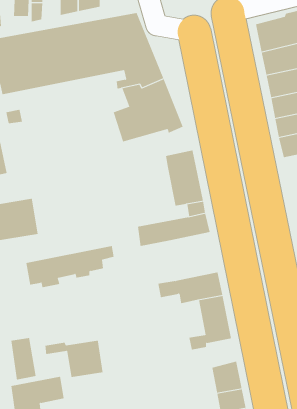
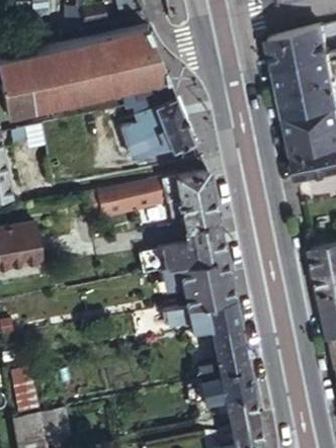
building: none -> [179,256,231,306]
building: [26,245,114,288] -> [84,176,177,220]
building: none -> [186,367,250,404]
building: [45,340,103,378] -> none

